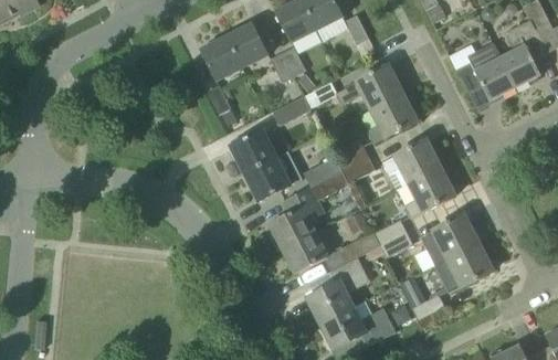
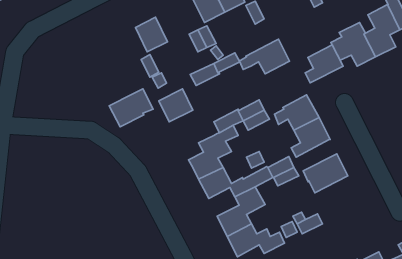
building: [227,22,269,67] -> none
building: [367,93,417,142] -> [305,45,343,83]
building: [244,150,302,200] -> [109,89,153,127]
building: [435,243,493,293] -> none

